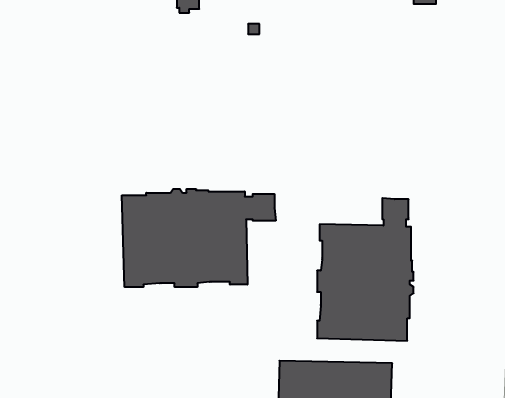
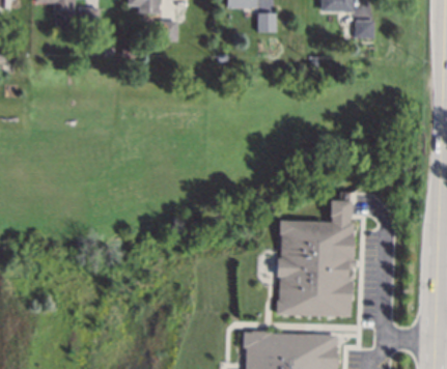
building: [122,189,276,287] -> none

